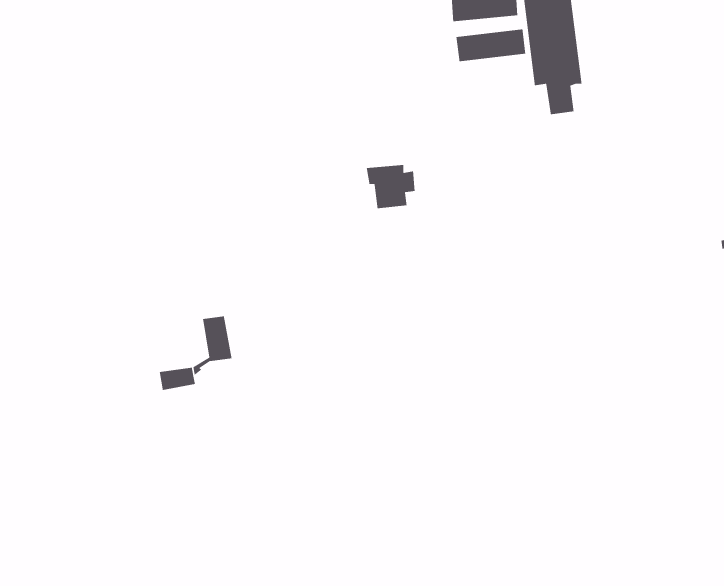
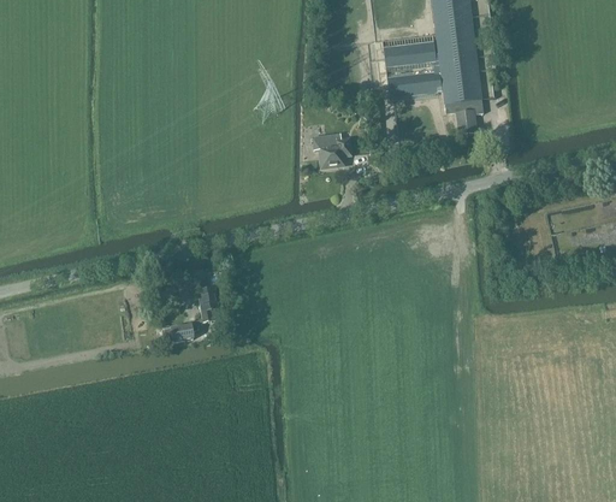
building: [366,164,415,209] -> [313,134,350,167]

